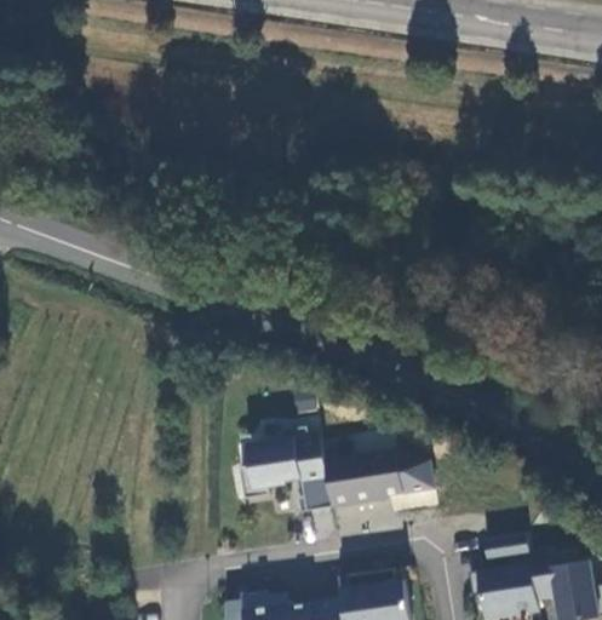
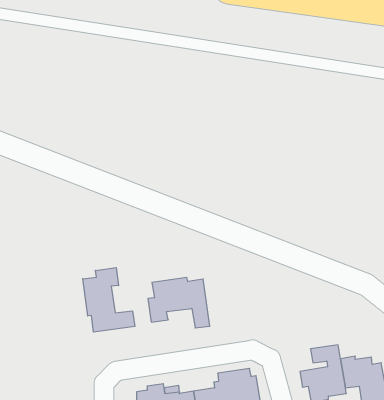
building: none -> [83,268,135,332]
building: [326,449,436,509] -> none

